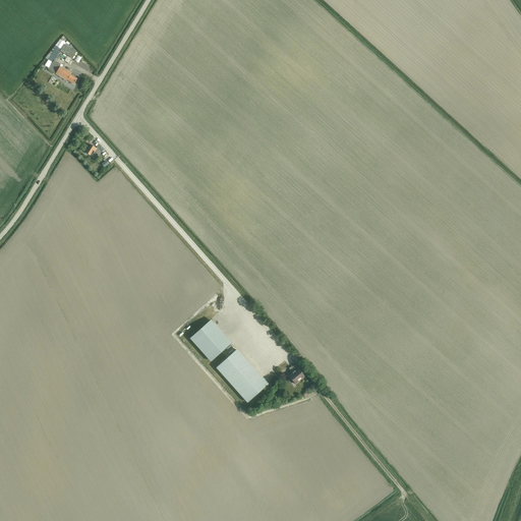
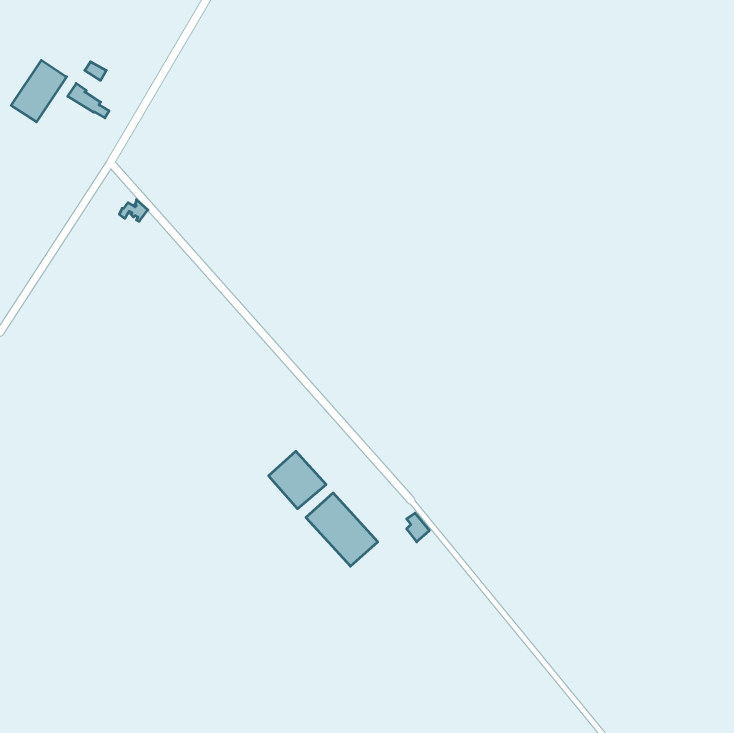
building: none -> [11,60,67,122]

